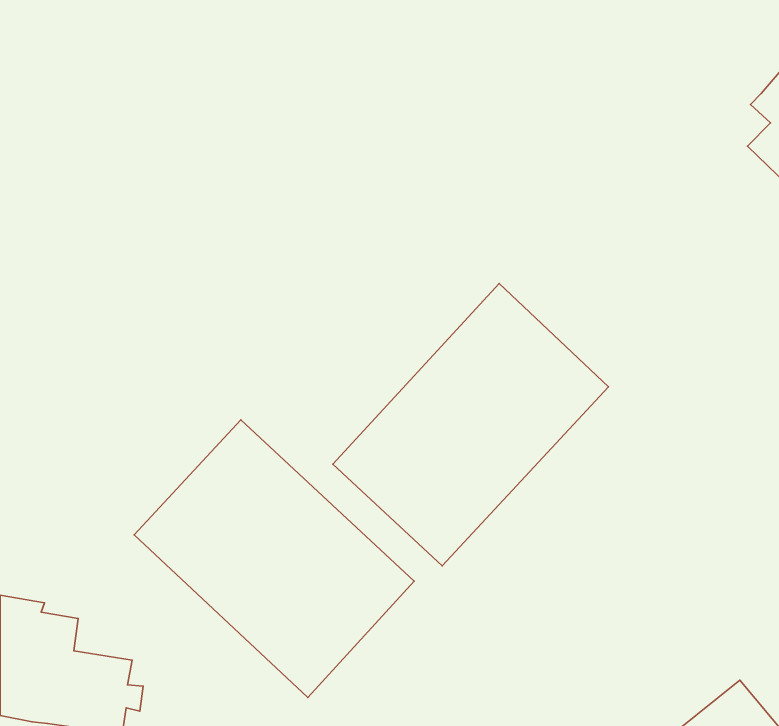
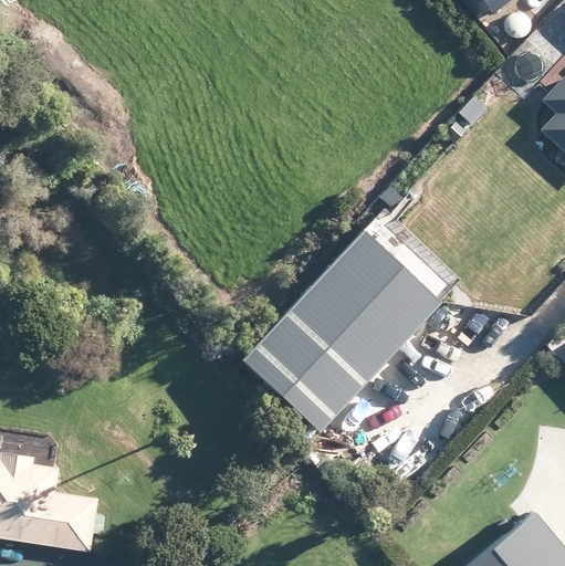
building: [134,420,414,698] -> none

